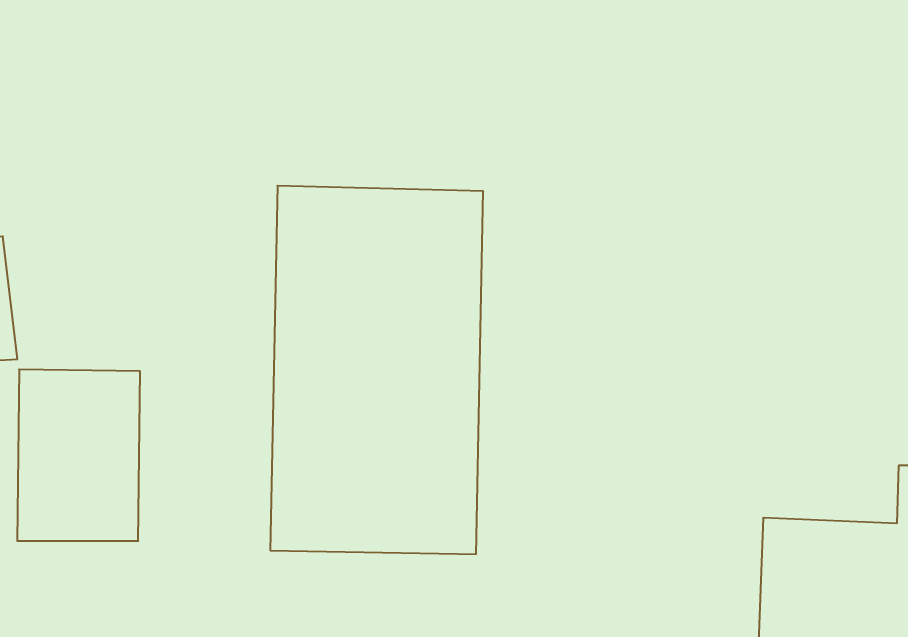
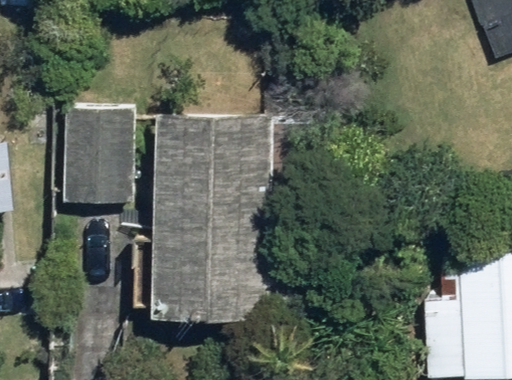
building: [17,369,140,541] -> [65,108,133,203]

